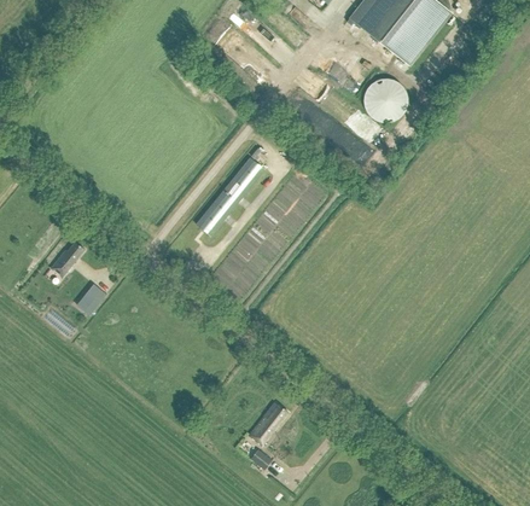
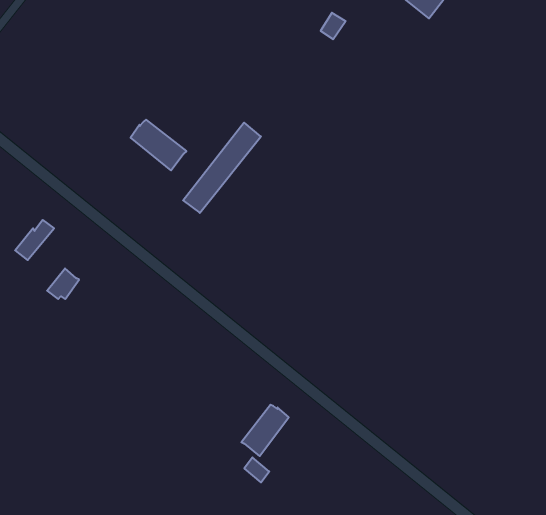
building: [363,77,408,122] -> none
building: none -> [131,120,186,170]

